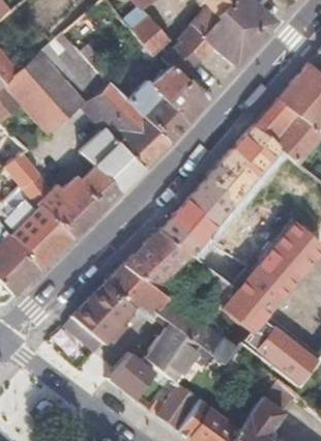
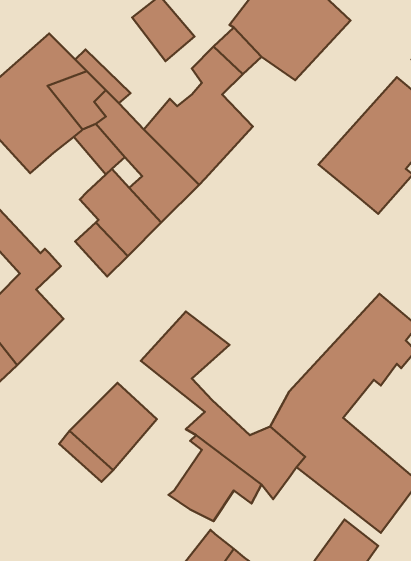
building: [158,126,281,282] -> none
building: [52,177,103,236] -> none
building: [110,266,172,315] -> none
building: [113,354,162,401] -> none

